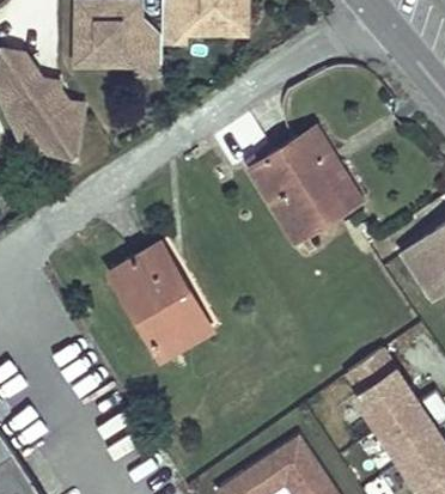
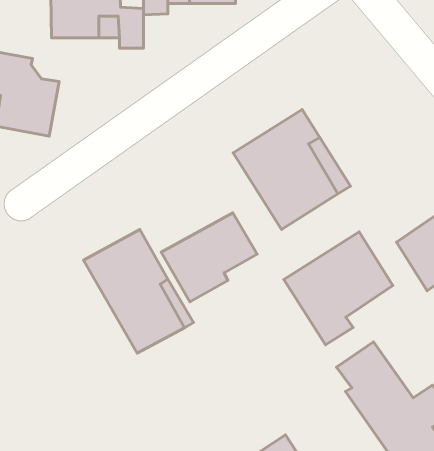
building: none -> [161,213,257,302]
building: none -> [284,232,393,345]

